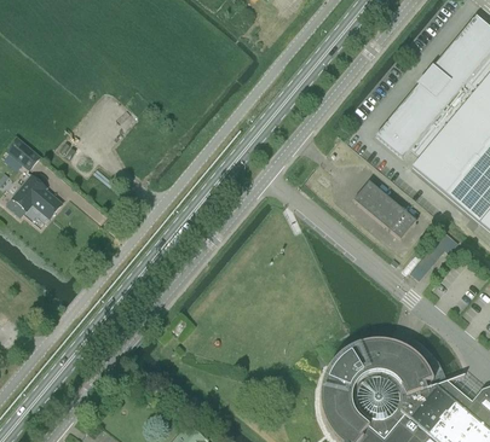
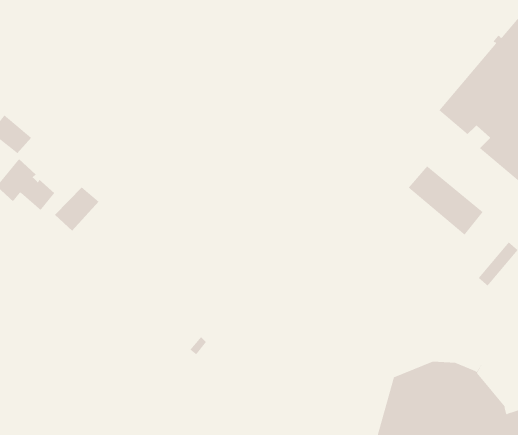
building: none -> [54,187,100,232]

